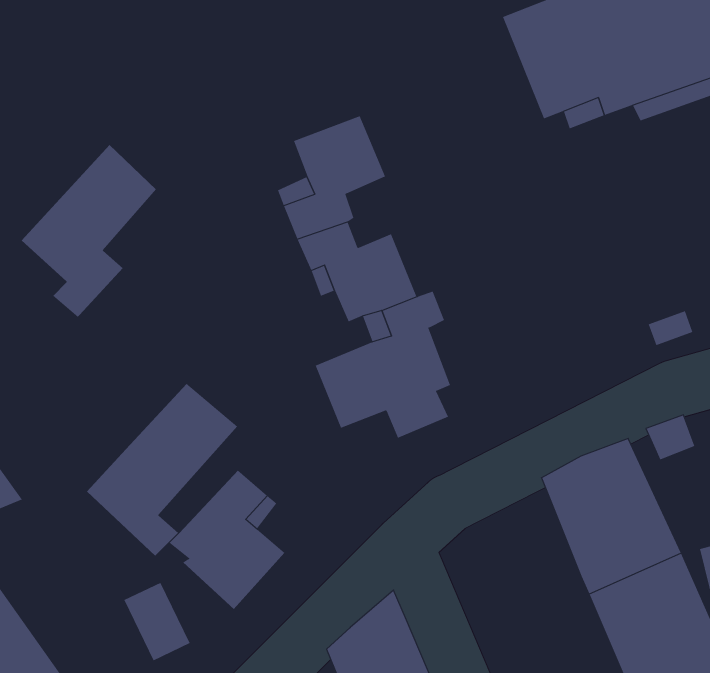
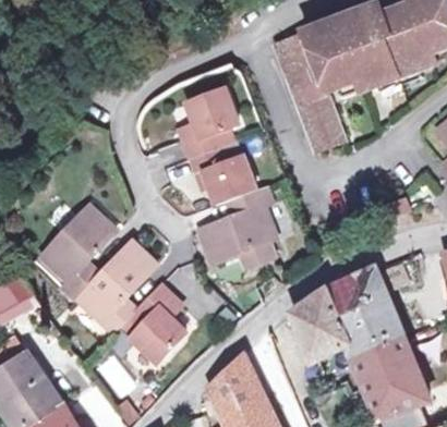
building: none -> [277,35,343,151]
building: [21,144,157,317] -> [40,203,116,298]
building: none -> [289,290,347,359]

